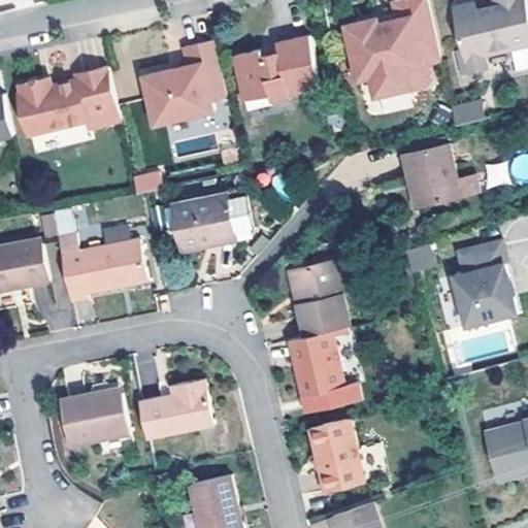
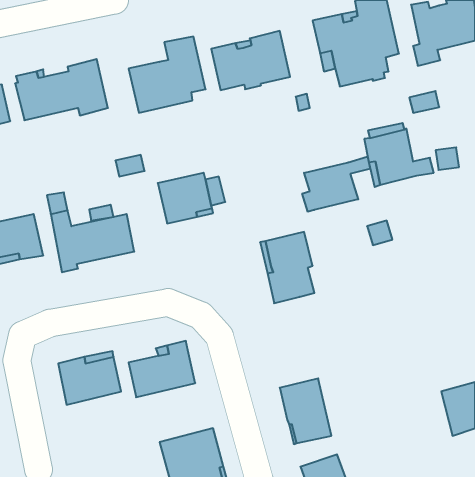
building: none -> [302,157,370,212]
building: [452,242,516,328] -> none
building: [287,329,358,411] -> none

